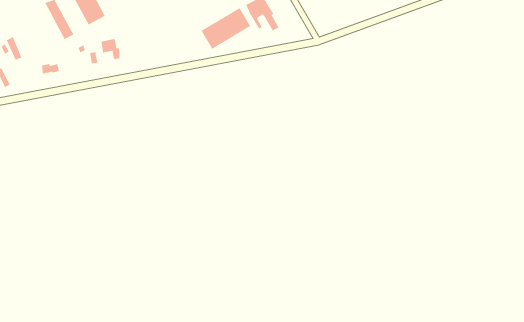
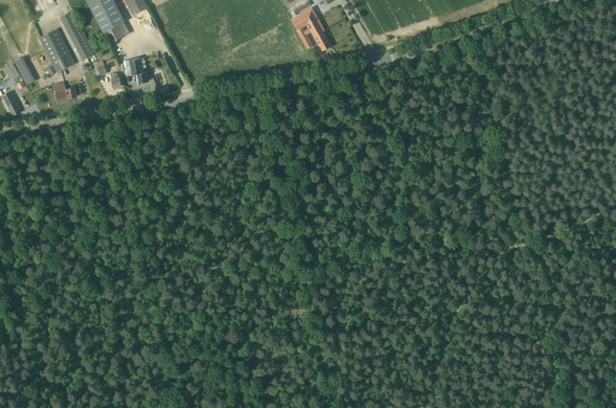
building: [200,7,251,50] -> none
building: none -> [38,29,75,73]

